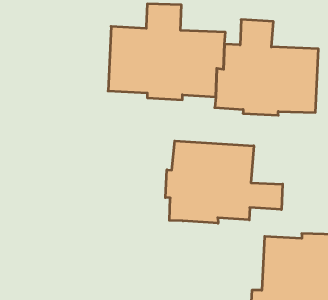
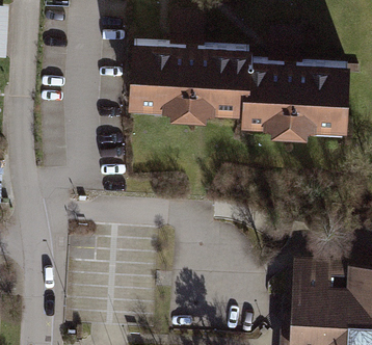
building: [165,141,283,223] -> none

